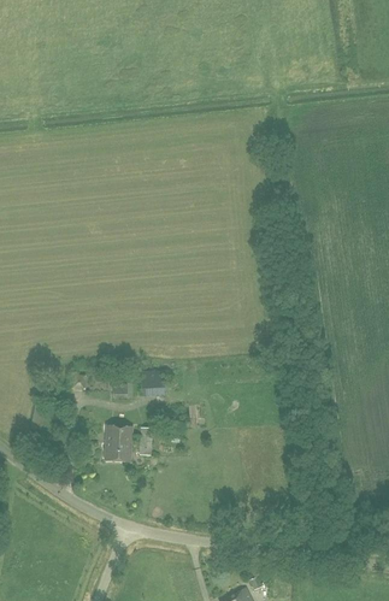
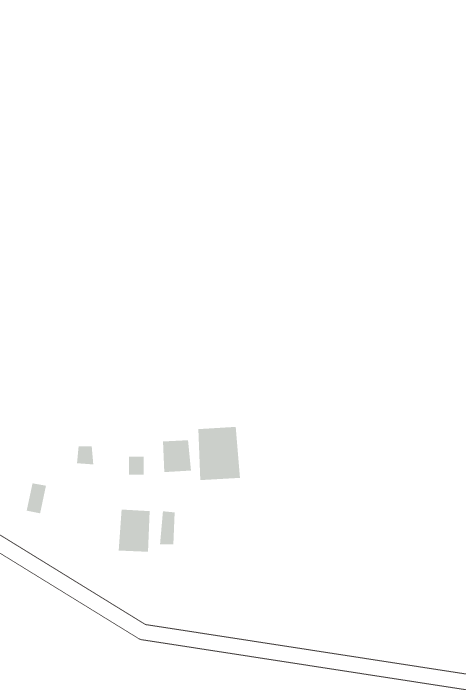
building: none -> [198,426,240,481]

